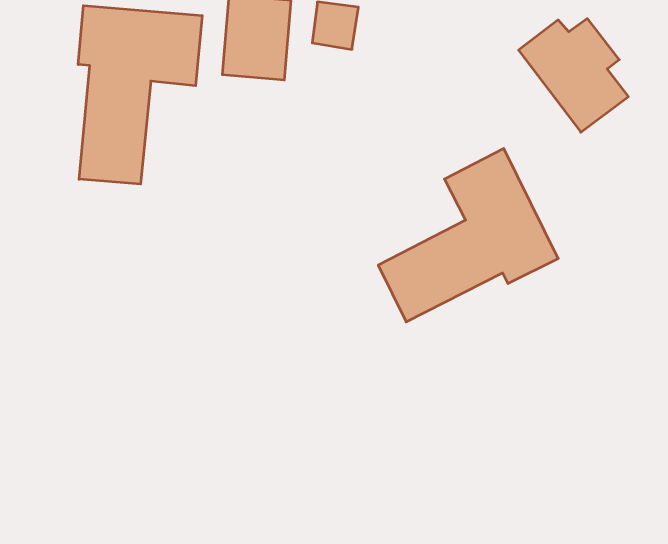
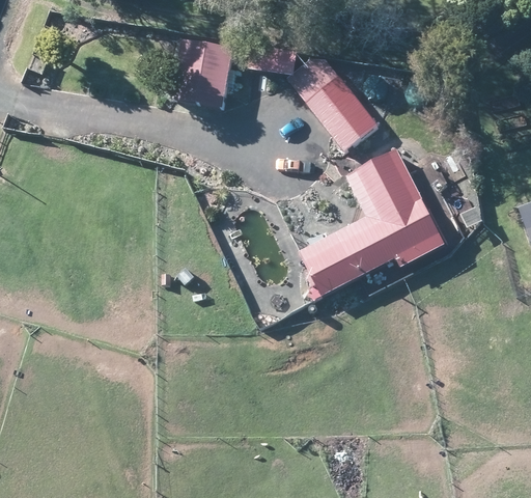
building: [78,6,202,184] -> none
building: [519,19,628,132] -> [295,59,381,148]

